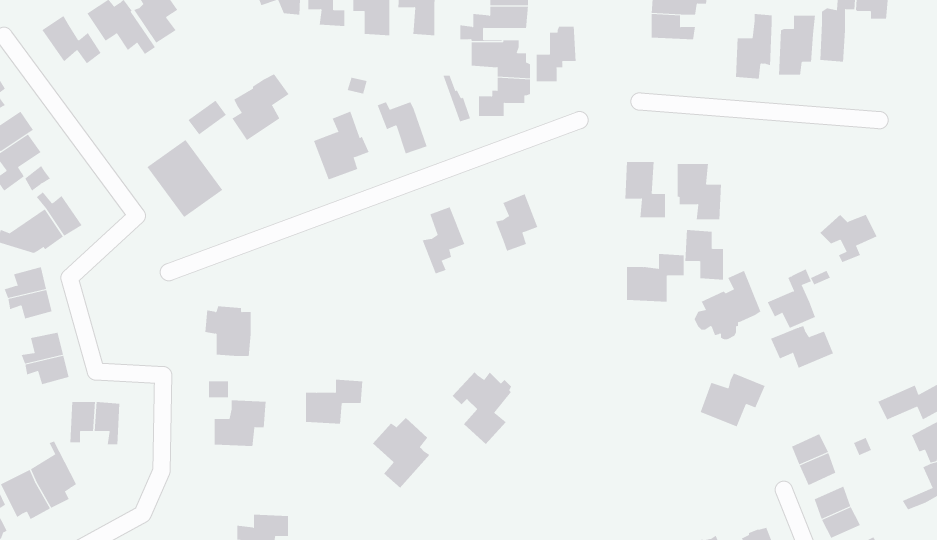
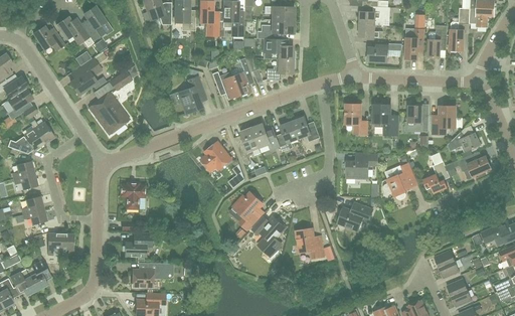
building: [536,26,576,82] -> none
building: none -> [368,42,401,61]
building: [232,73,290,141] -> [70,58,102,95]
building: none -> [232,57,251,96]
building: none -> [433,106,456,134]
building: none -> [292,117,320,142]
building: none -> [251,124,280,150]
building: [684,230,724,280] -> [407,105,428,132]
building: none -> [200,142,231,171]
building: [770,325,834,368] -> [457,153,491,176]
building: [700,373,765,427] -> [337,202,372,231]
building: [305,379,363,424] -> [133,263,164,287]
building: none -> [296,227,324,259]
building: [372,417,430,489] -> [232,192,264,230]

